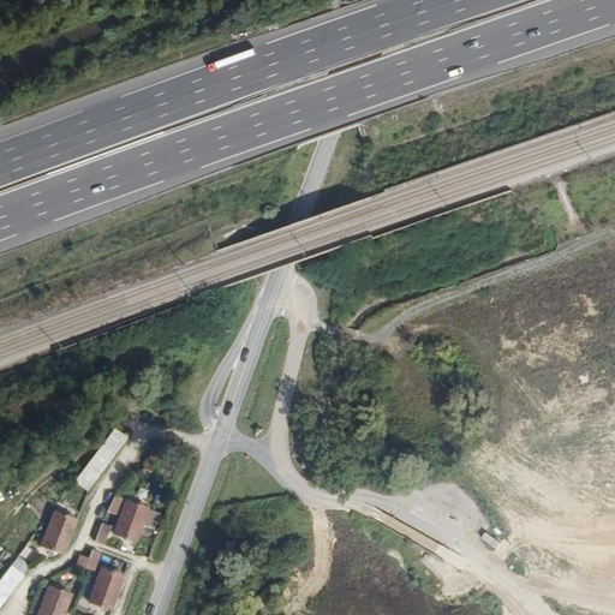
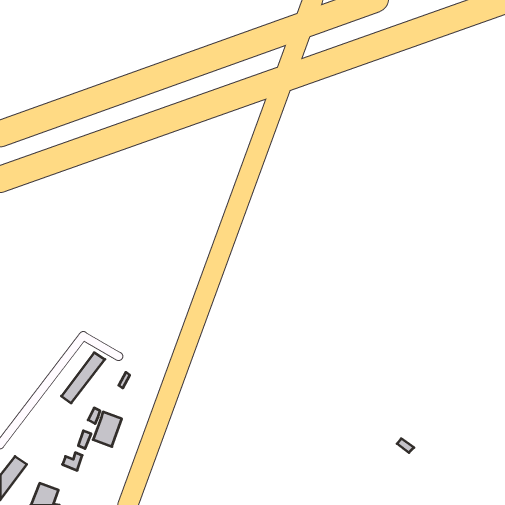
building: [43,510,78,554] -> none
building: [89,563,121,608] -> none

